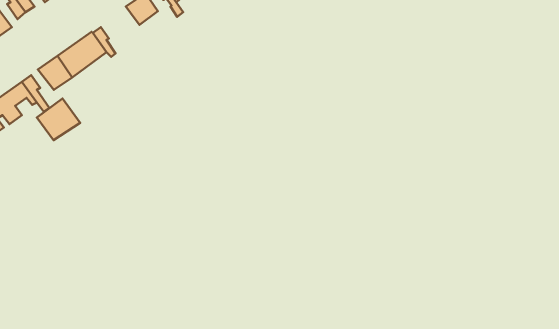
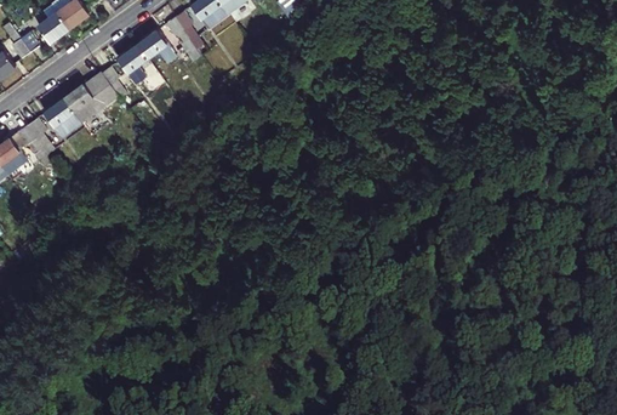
building: none -> [118,45,147,85]
building: [37,98,80,140] -> none

